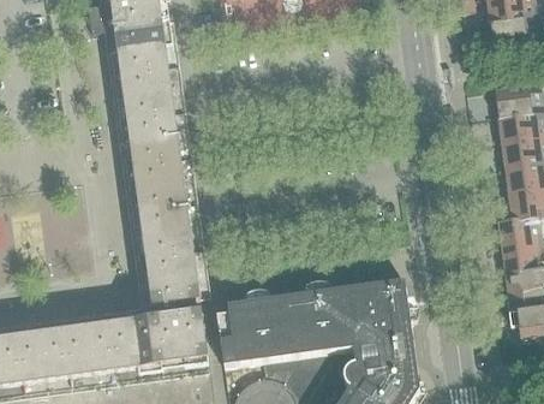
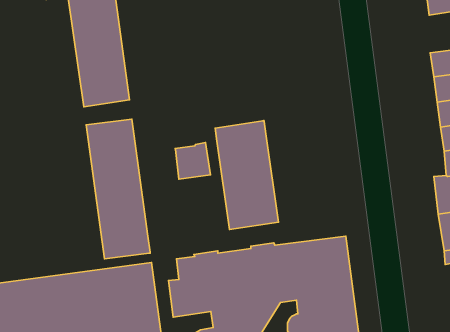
building: [130,135,180,161] -> none
building: none -> [215,121,278,230]
building: none -> [175,143,211,179]

